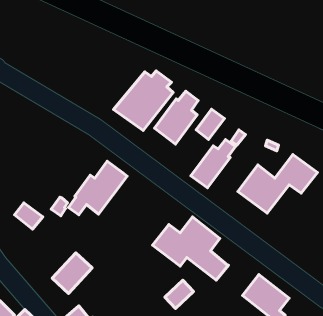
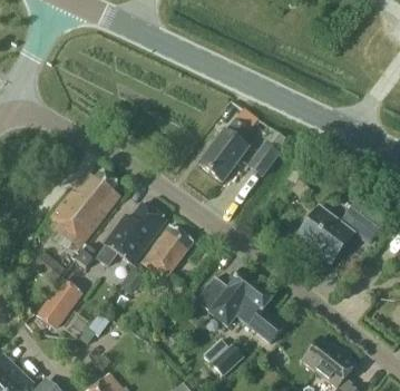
building: [114,71,173,130] -> [49,170,119,241]
building: [191,139,235,188] -> none
building: none -> [142,225,193,280]
building: none -> [37,280,80,330]

